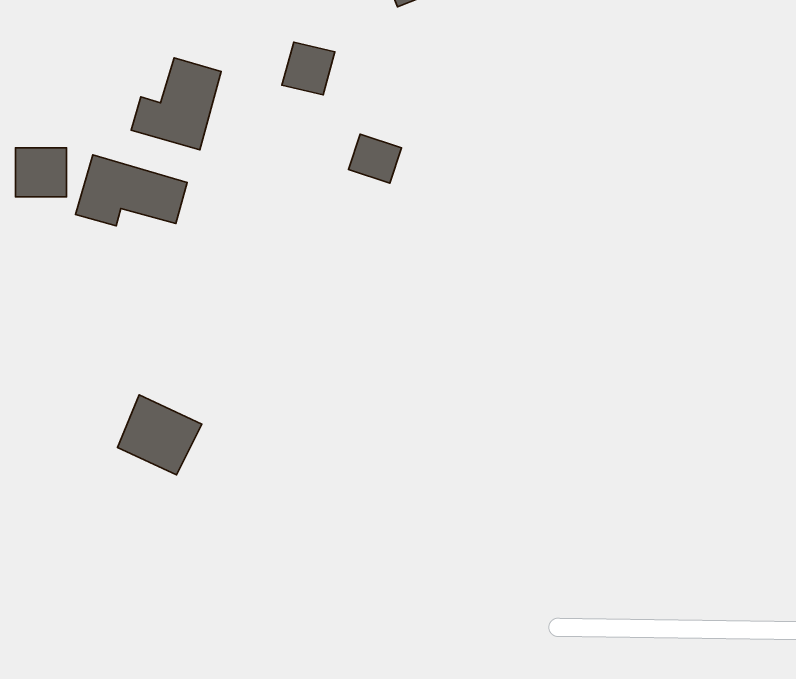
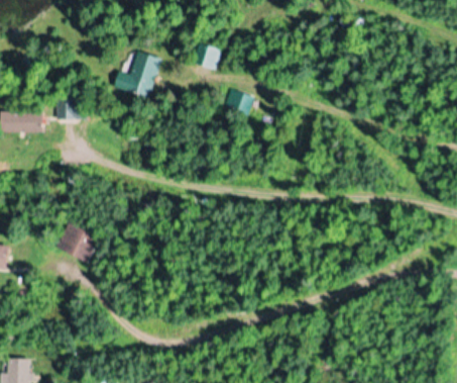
building: [76,155,187,226] -> none
building: [118,395,202,475] -> [55,222,99,264]

